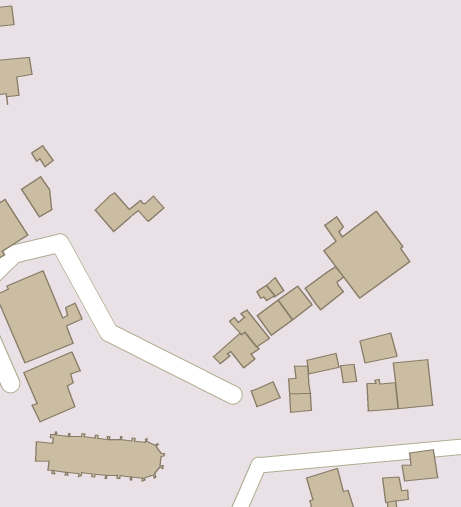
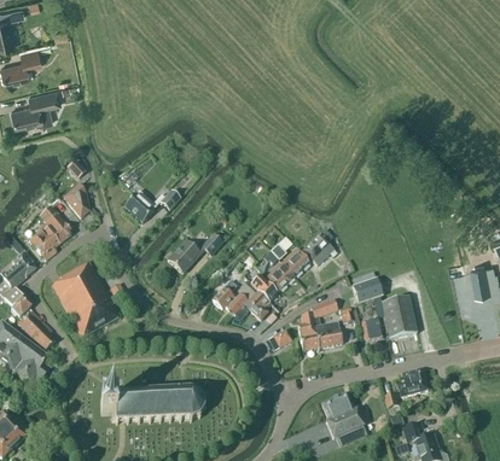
building: [324,211,410,298] -> none
building: none -> [167,234,221,273]
building: none -> [211,280,254,315]
building: [24,352,80,422] -> none
building: none -> [314,321,342,348]

